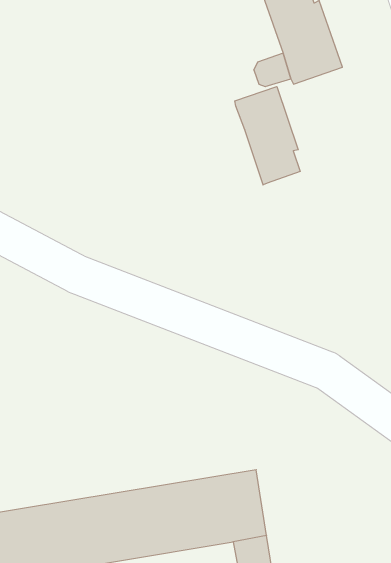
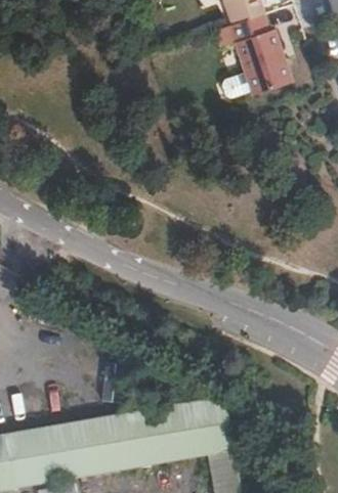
building: [235,87,300,185] -> none

